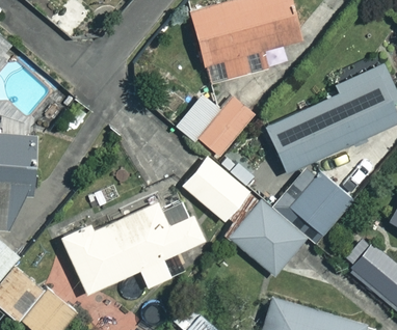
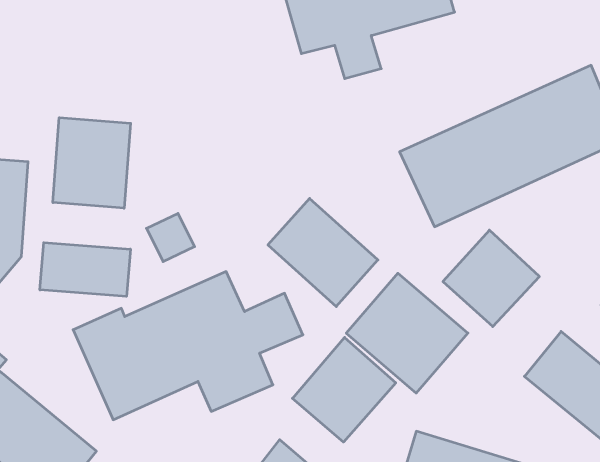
building: [177,95,261,161] -> none
building: none -> [53,118,131,208]
building: none -> [40,243,130,296]
building: none -> [292,337,396,442]

